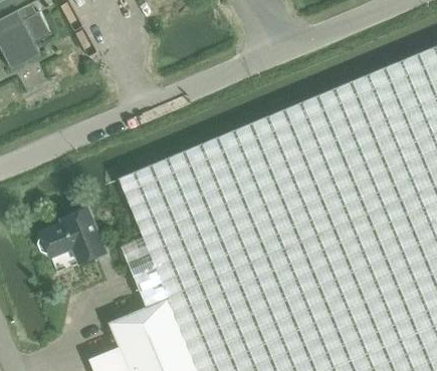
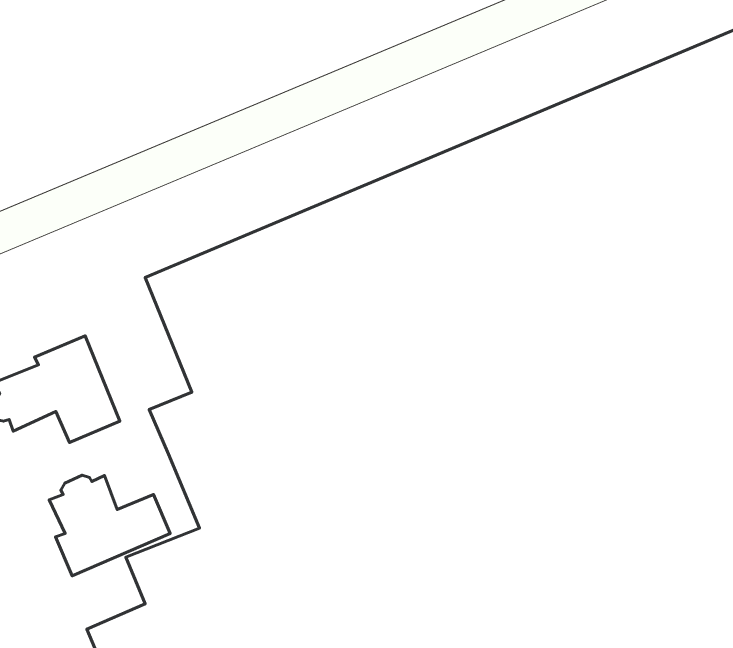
building: none -> [49,475,170,576]

